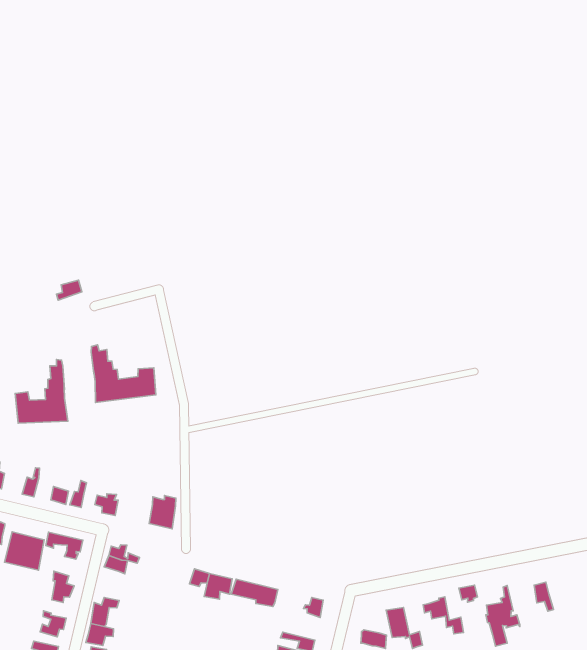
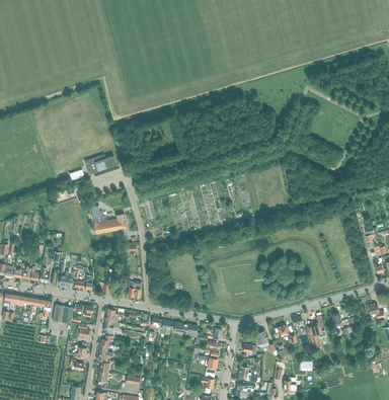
building: none -> [84,155,115,175]
building: [15,359,68,423] -> none

